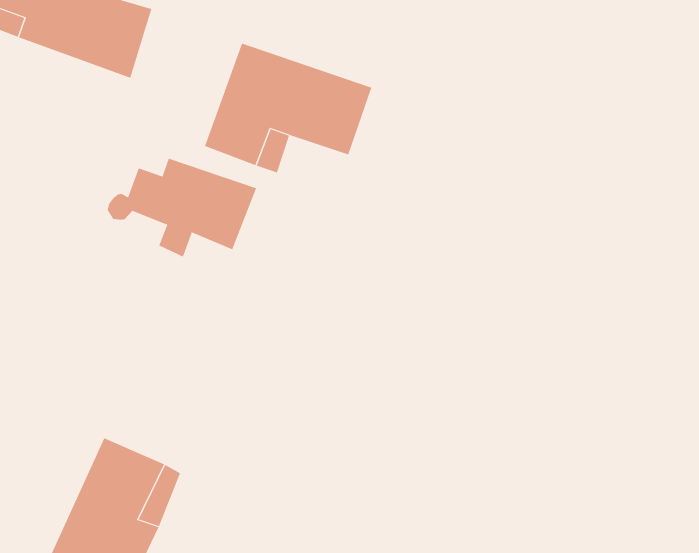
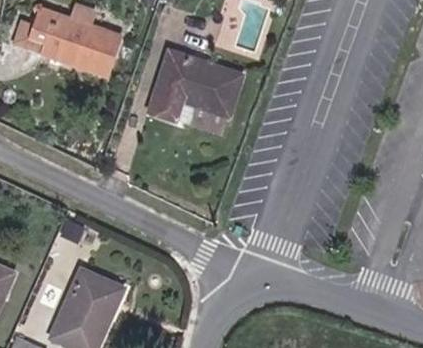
building: [107,158,257,257] -> none

